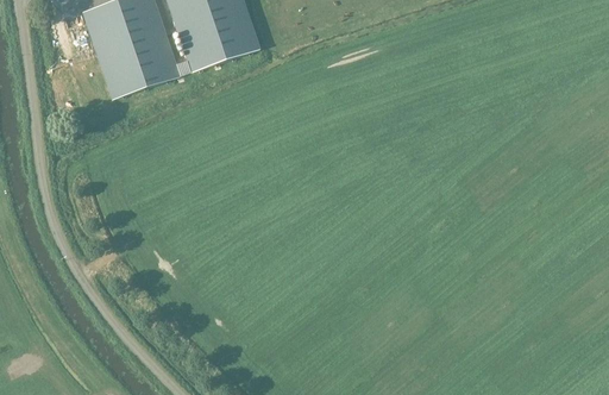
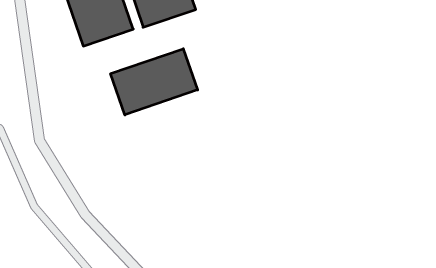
building: none -> [111,49,198,115]

